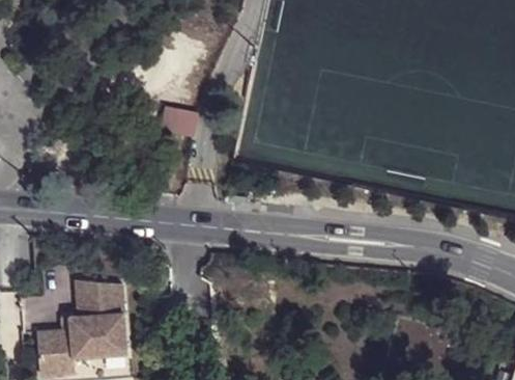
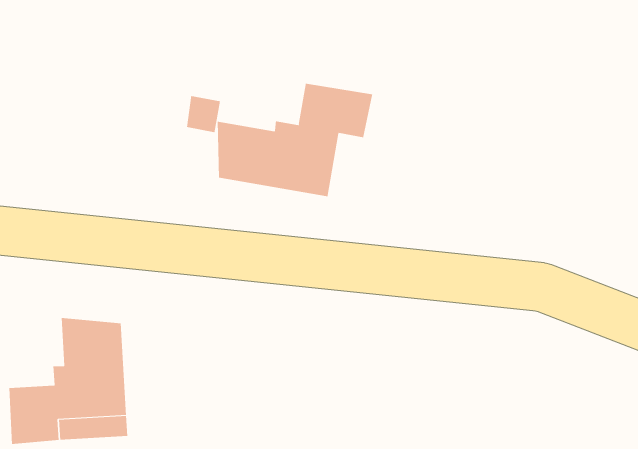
building: none -> [217,83,373,197]

